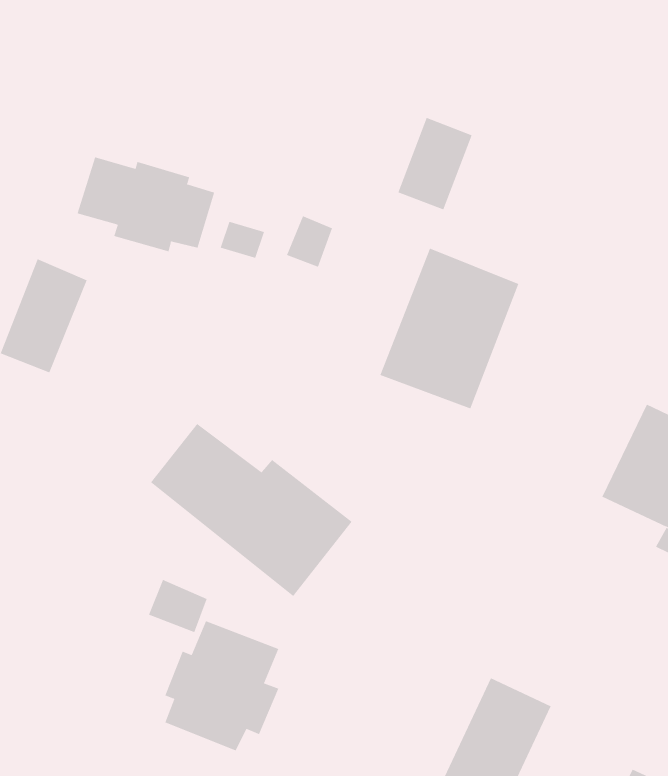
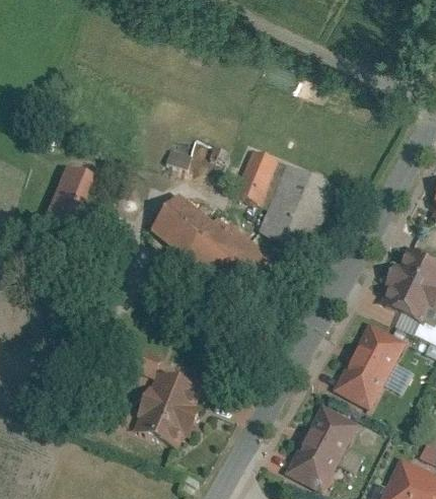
building: [397,117,473,210] -> [235,148,278,201]
building: [77,157,215,252] -> none
building: [150,423,353,597] -> [152,195,267,293]
building: none -> [336,323,404,408]

